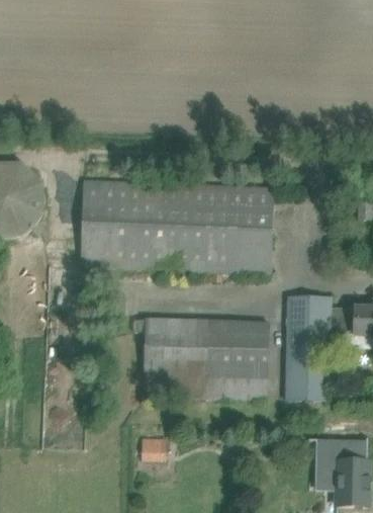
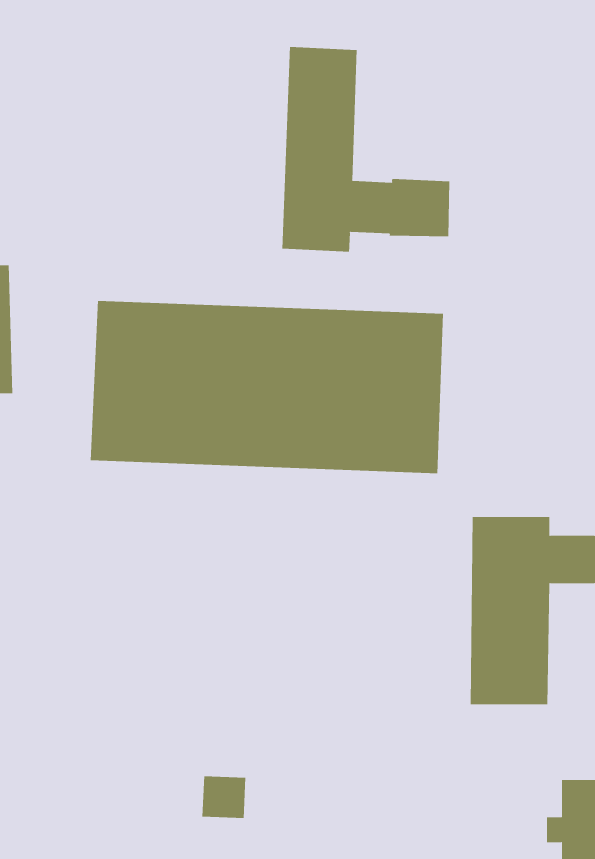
building: none -> [282,46,450,252]
building: [143,317,269,399] -> none

